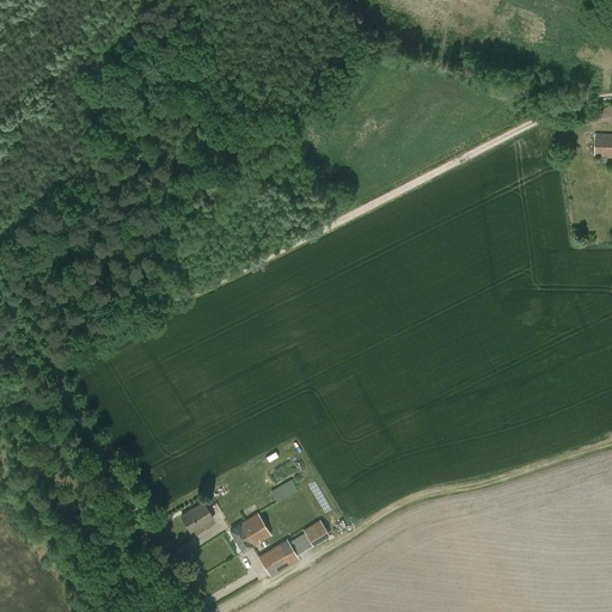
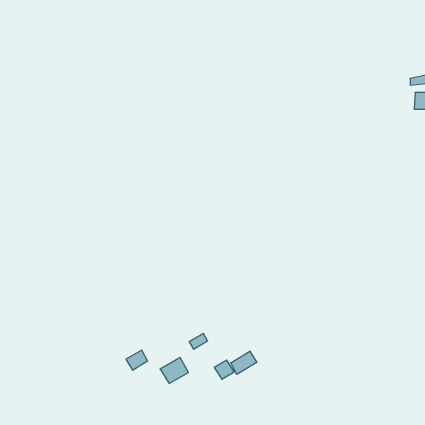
building: none -> [231,351,257,374]
building: [258,538,300,575] -> none

